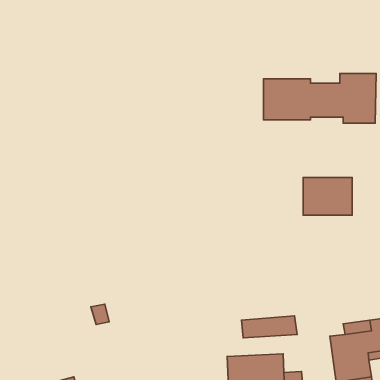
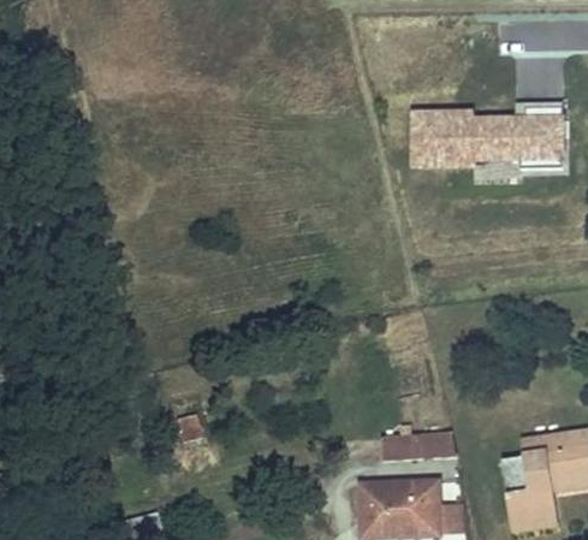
building: [303,177,352,215] -> none

